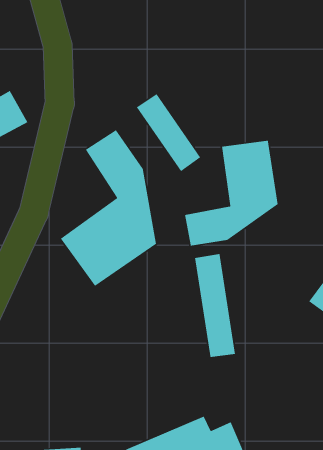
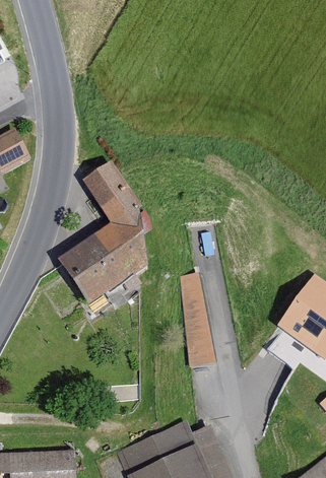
building: [136,93,201,172] -> none
building: [184,140,279,247] -> none

